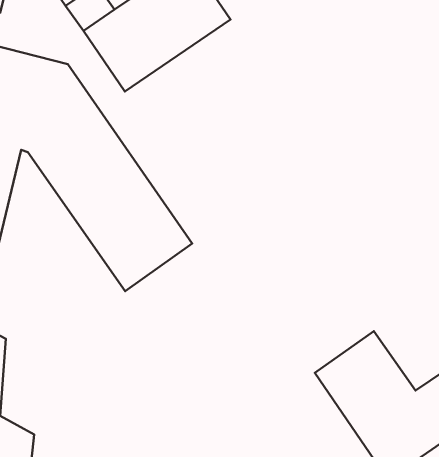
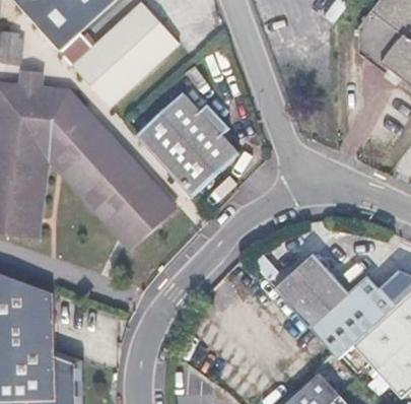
building: none -> [144,96,250,202]

